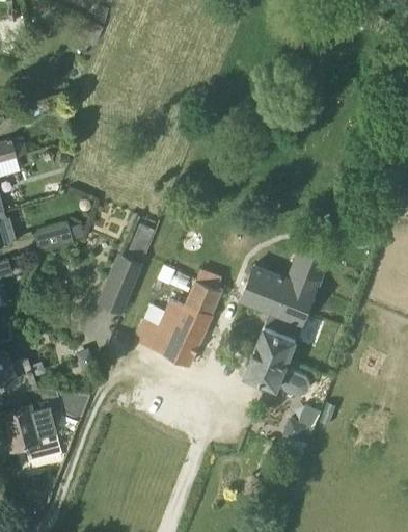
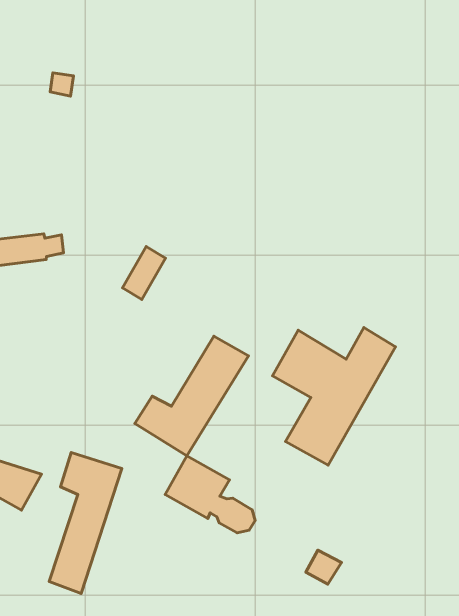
building: [104,252,145,309] -> none
building: [246,345,311,394] -> [165,456,255,533]
building: none -> [49,452,122,594]

